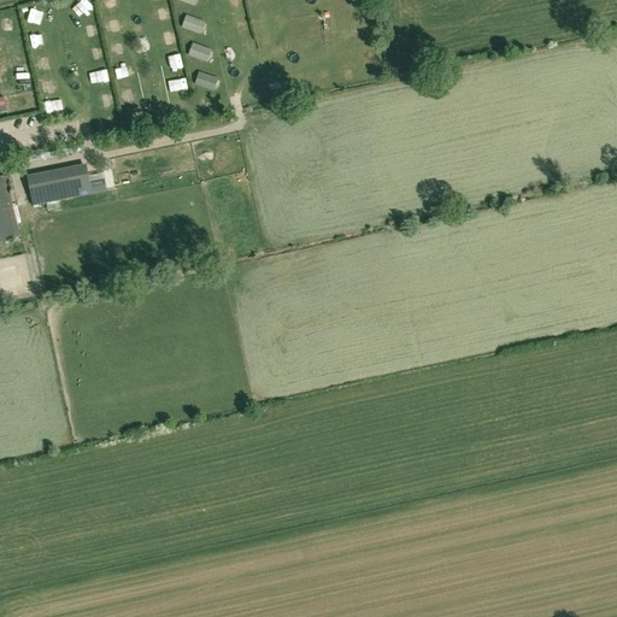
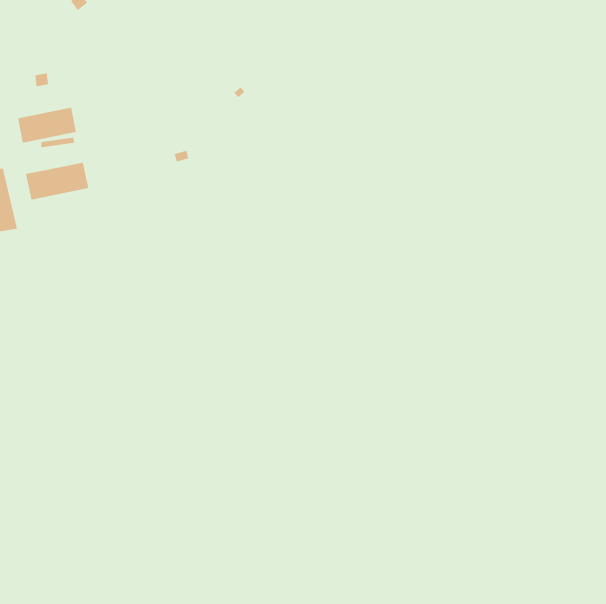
building: none -> [18,107,76,143]

